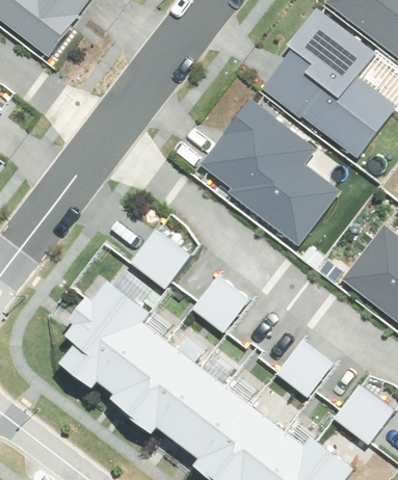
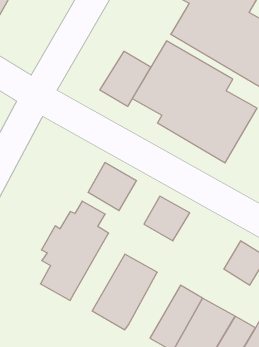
building: none -> [100,51,151,106]
building: [102,322,167,396] -> none
building: [161,366,228,442] -> none

